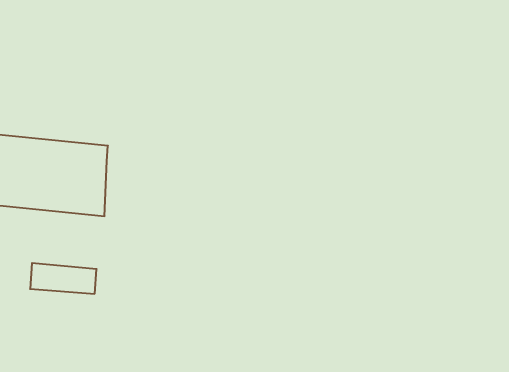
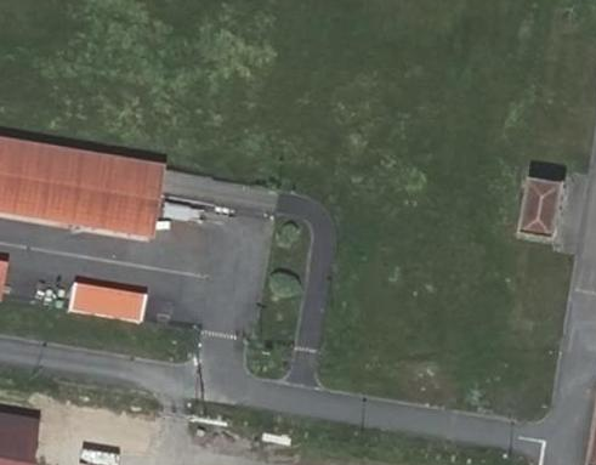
building: none -> [522,183,563,239]

